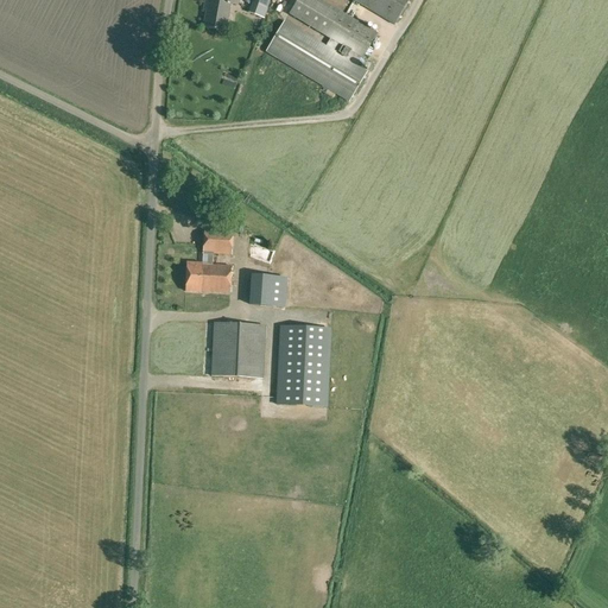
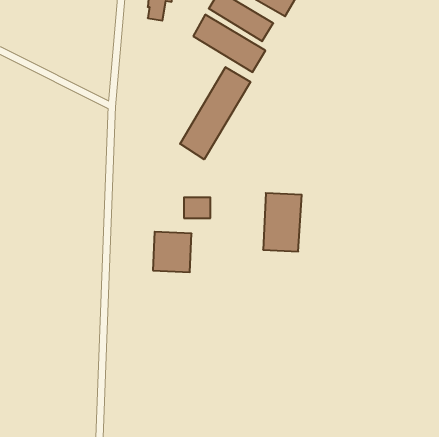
building: none -> [180,67,250,159]
building: [185,227,233,291] -> none
building: [276,324,329,405] -> [263,193,302,251]

